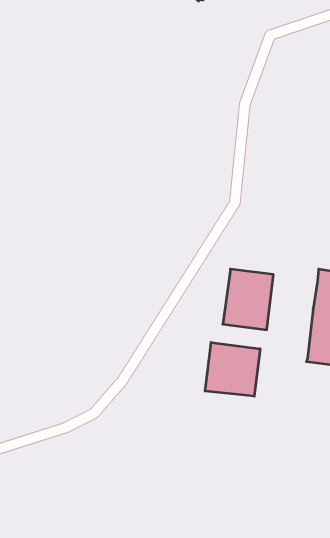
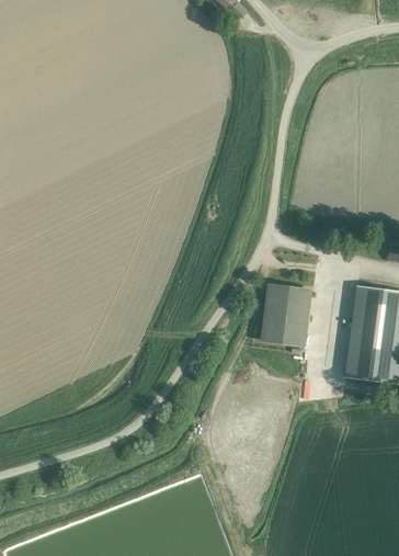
building: [205,342,260,396] -> none

